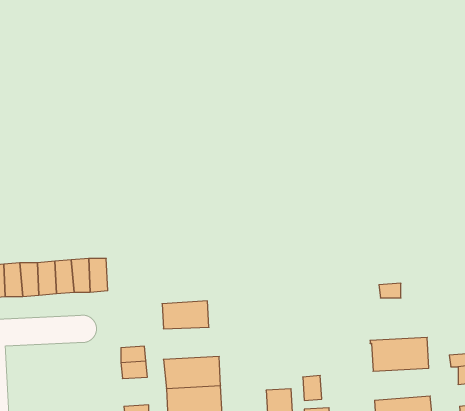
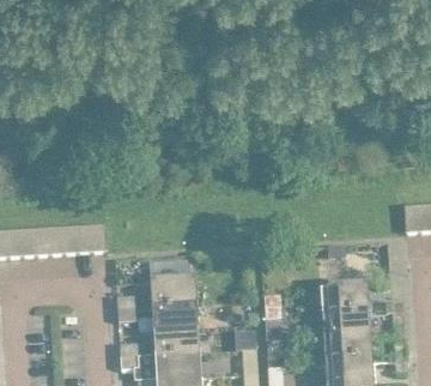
building: none -> [148,281,196,308]
building: none -> [322,315,369,342]

